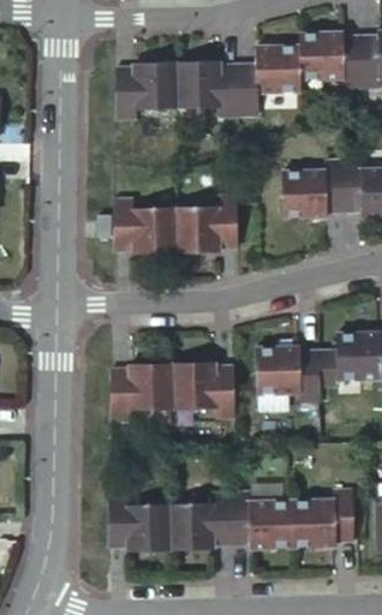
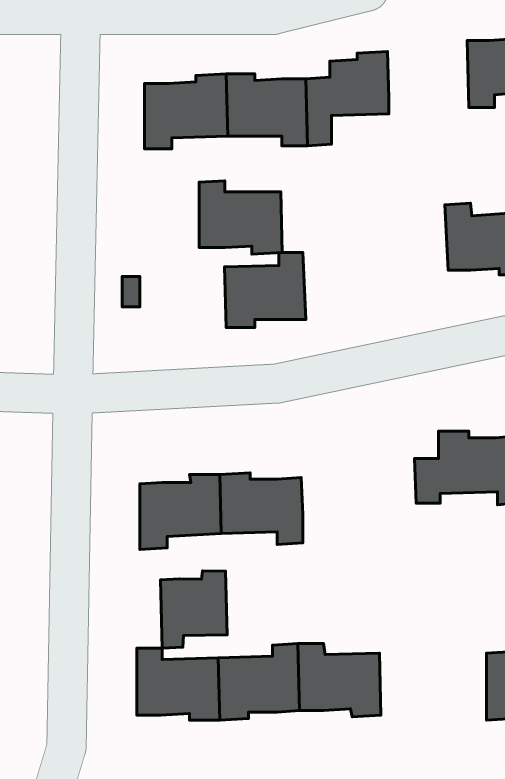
building: [292,34,354,89] -> none
building: [275,161,339,217] -> none
building: [109,199,172,255] -> [199,181,282,254]
building: [251,347,315,401] -> none
building: none -> [160,571,227,648]
building: [287,489,348,545] -> none

